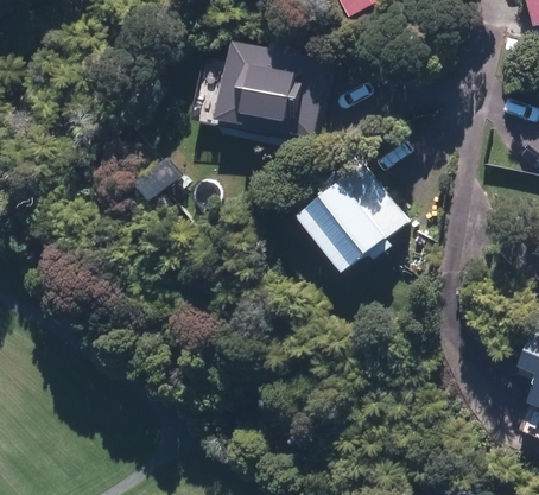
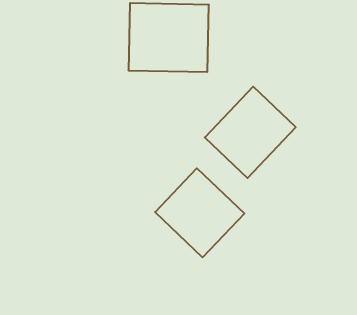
building: none -> [155,168,244,257]

